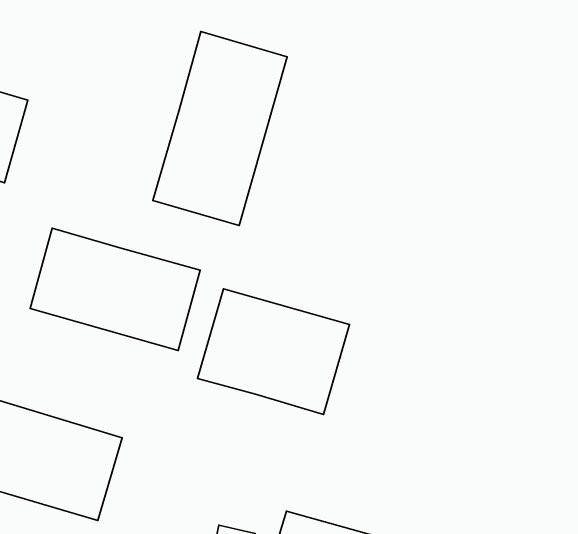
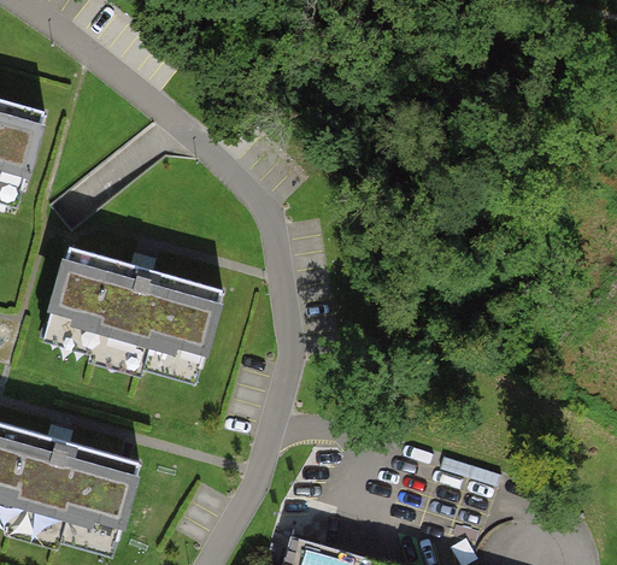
building: [153,31,287,226] -> none
building: [198,289,350,414] -> none

